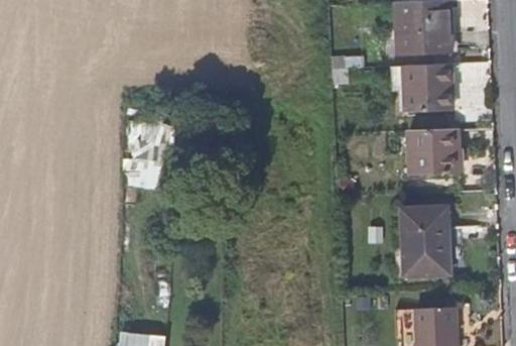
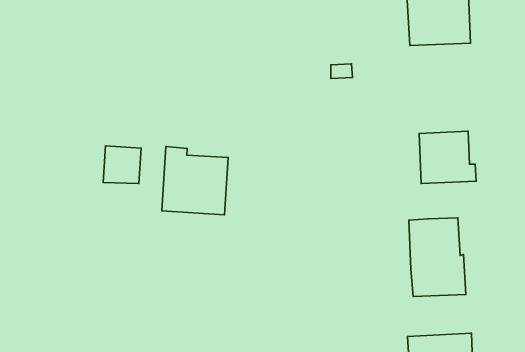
building: [393,64,490,112] -> none
building: none -> [162,147,228,215]

